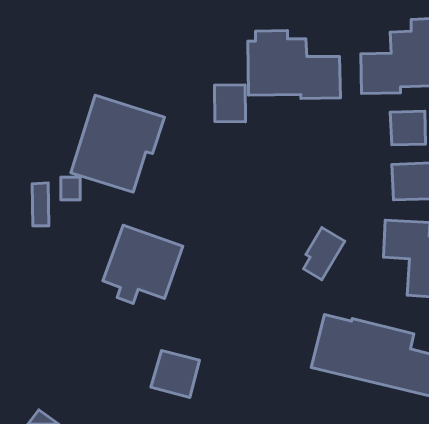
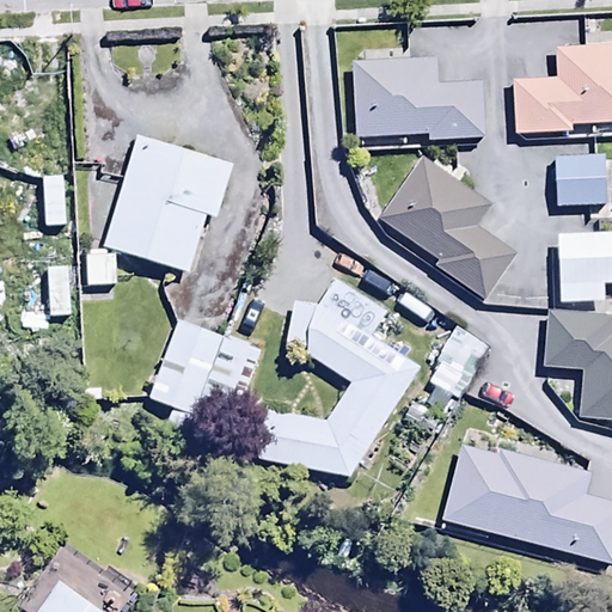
building: [214,85,246,122] -> none
building: none -> [378,157,516,300]
building: none -> [256,279,422,478]
building: [151,350,199,397] -> none

